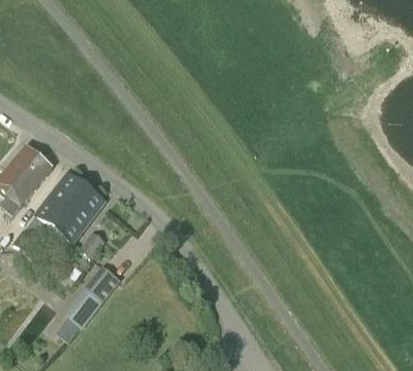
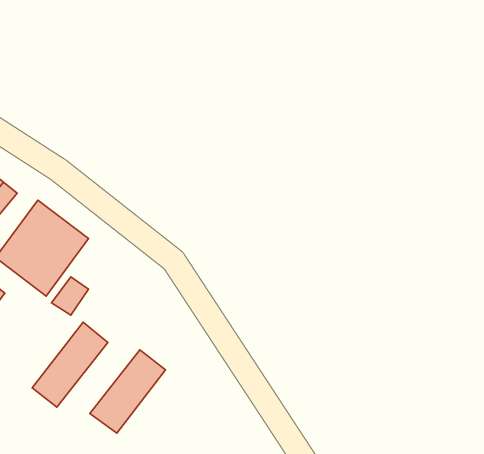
building: none -> [90,350,166,433]

